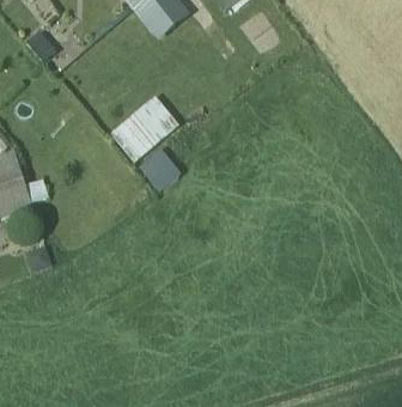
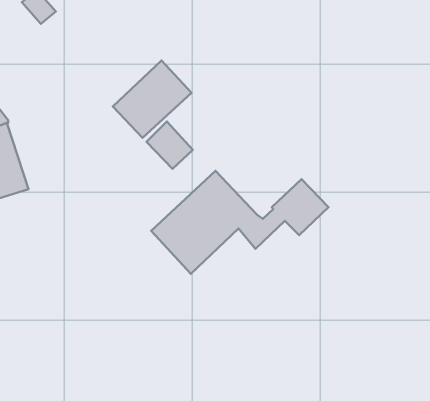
building: none -> [151,171,329,274]

